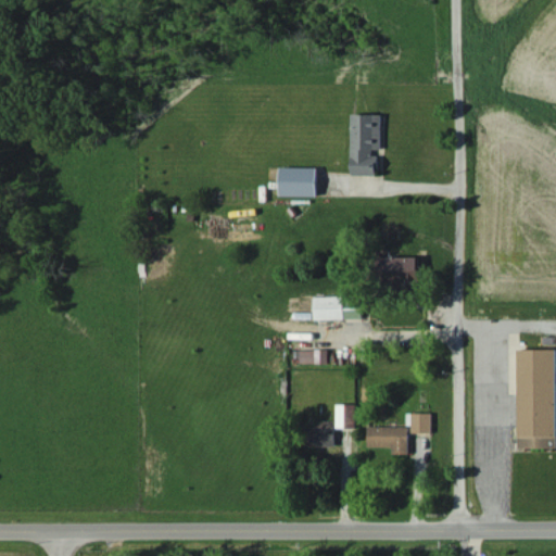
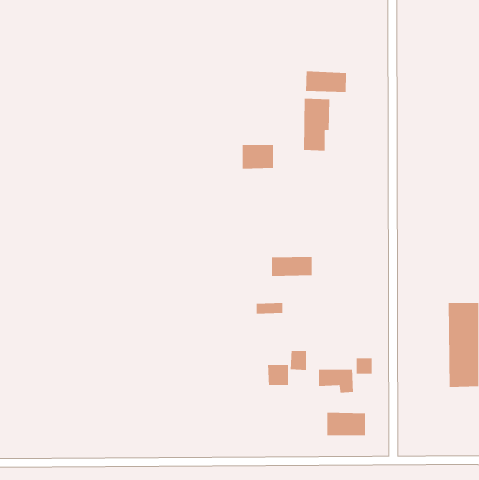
building: none -> [305,70,347,93]
building: [381,257,419,286] -> none
building: none -> [327,412,366,436]

